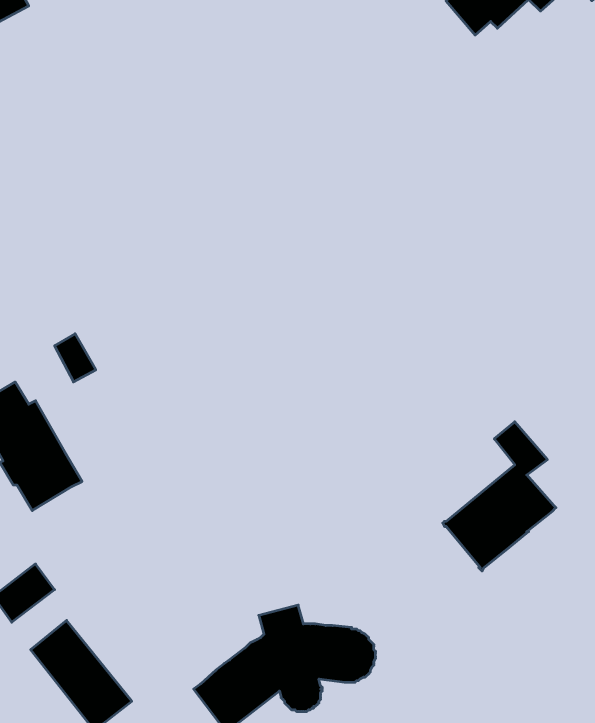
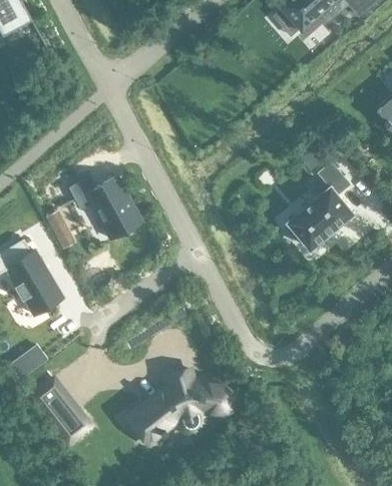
building: none -> [66,175,139,239]
building: [443,422,556,571] -> [288,163,354,251]

